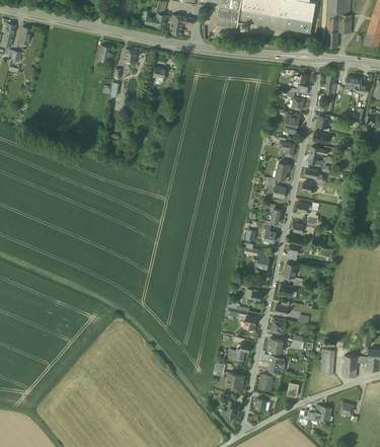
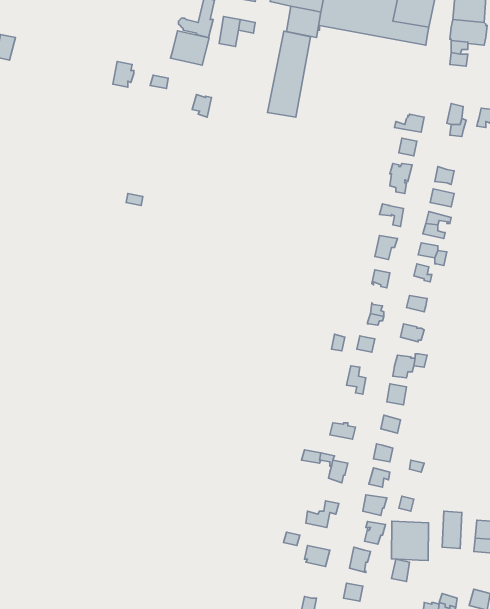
building: none -> [171,31,209,65]
building: none -> [268,31,310,117]
building: none -> [392,521,428,560]

